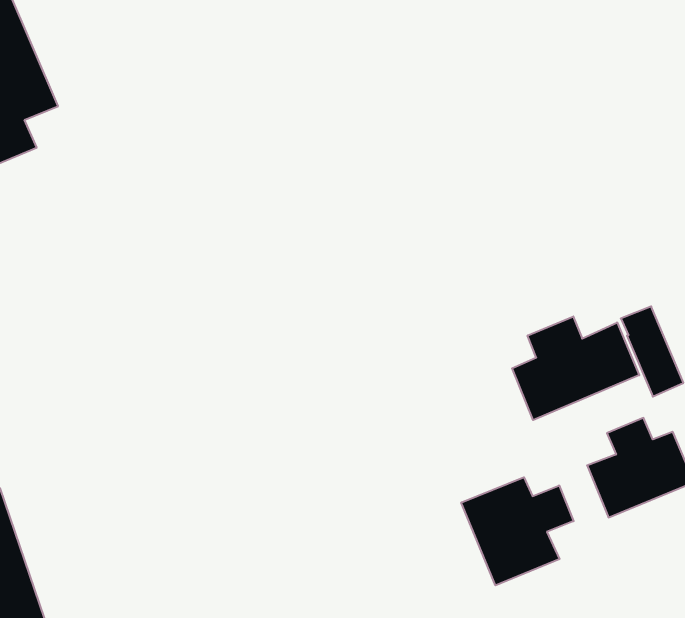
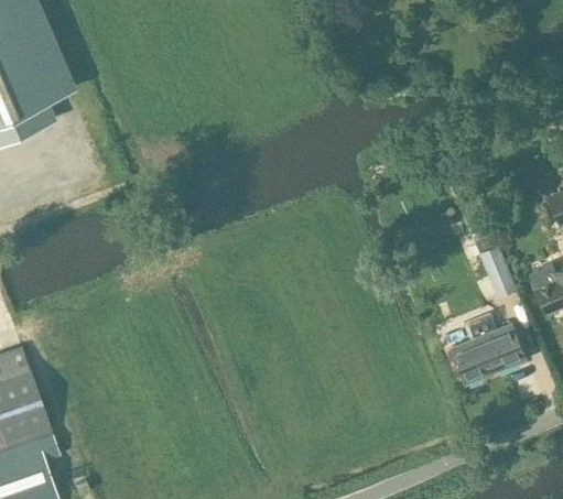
building: [512,316,639,420] -> none
building: [461,477,574,585] -> none

